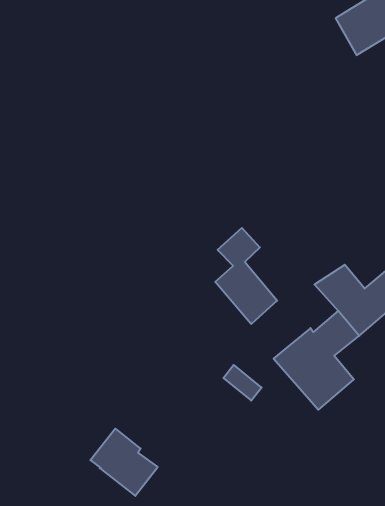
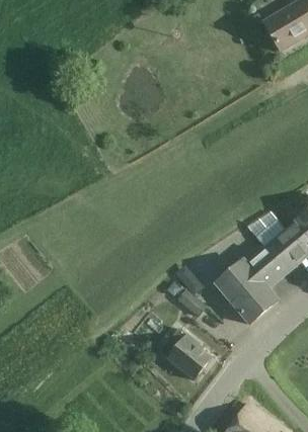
building: [215,228,277,324] -> none
building: [90,429,158,496] -> [159,328,211,379]

